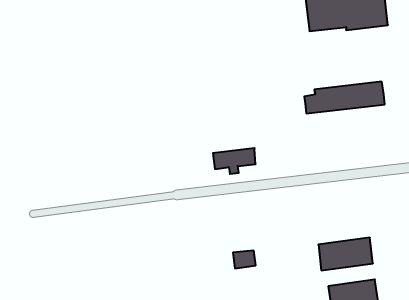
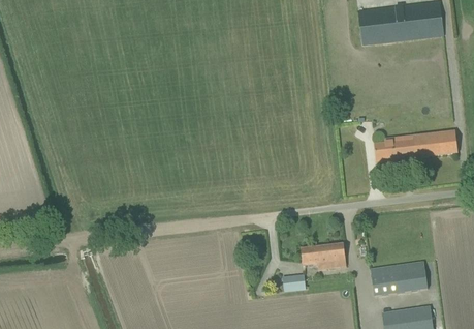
building: [304,82,385,113] -> [374,128,457,161]
building: [213,148,256,174] -> [301,242,345,269]

